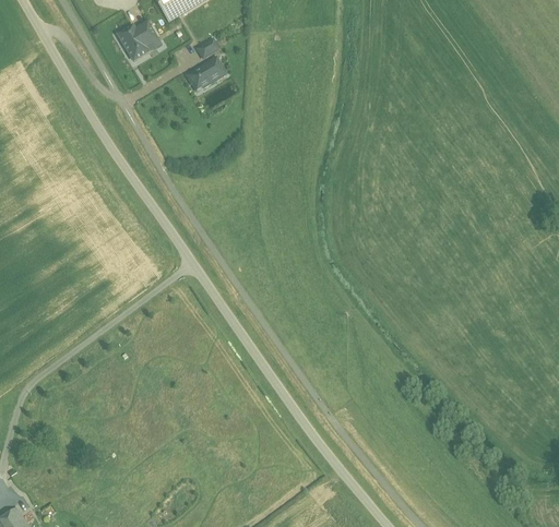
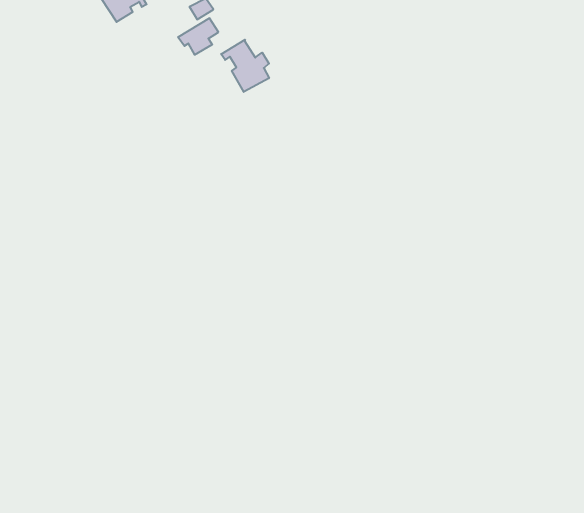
building: none -> [221,40,269,92]

